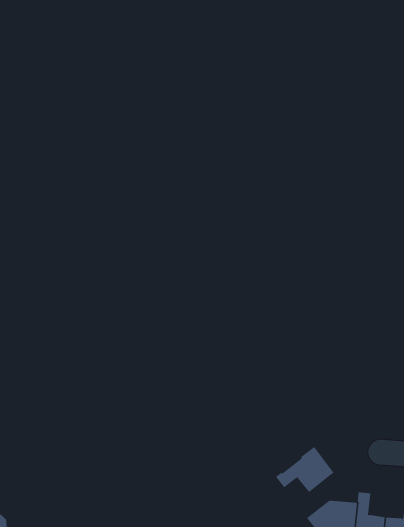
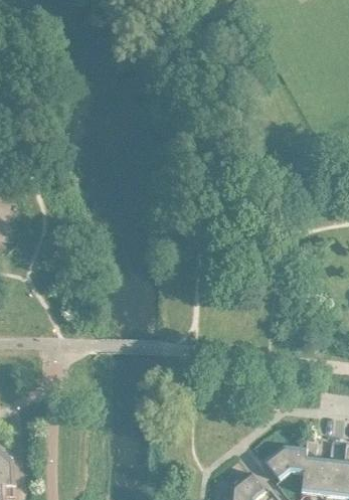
building: [275,446,334,493] -> none

